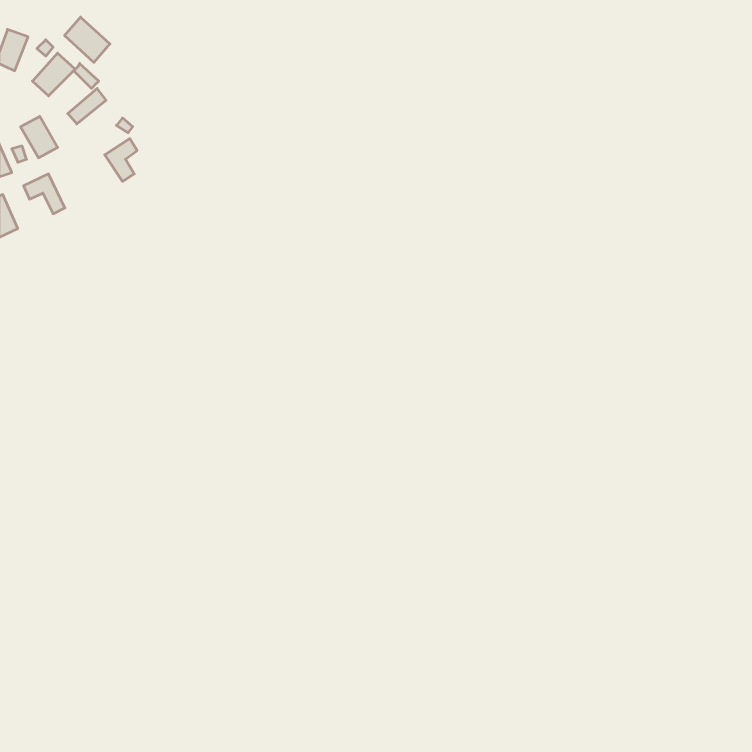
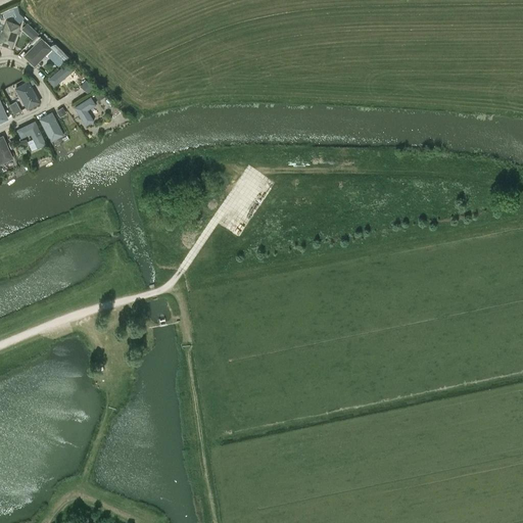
building: [65,17,110,62] -> none
building: none -> [38,112,63,143]

